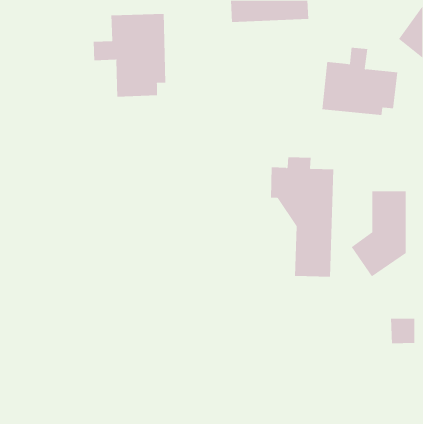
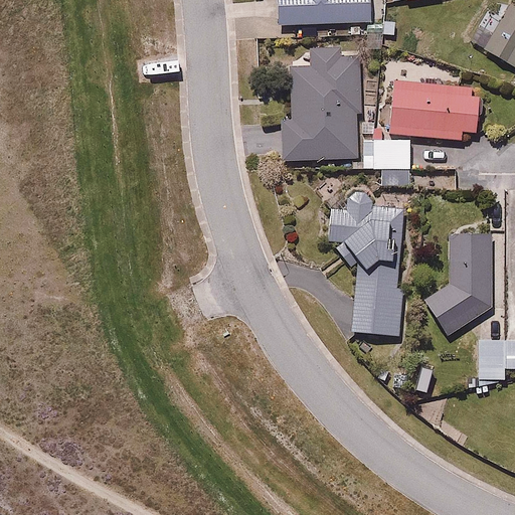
building: [93,13,166,97] -> none
building: none -> [280,43,410,167]
building: [390,318,415,344] -> [478,336,508,367]

